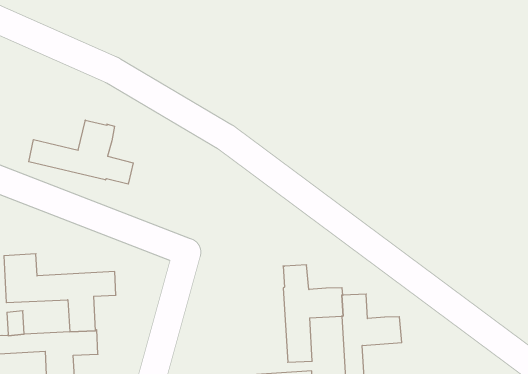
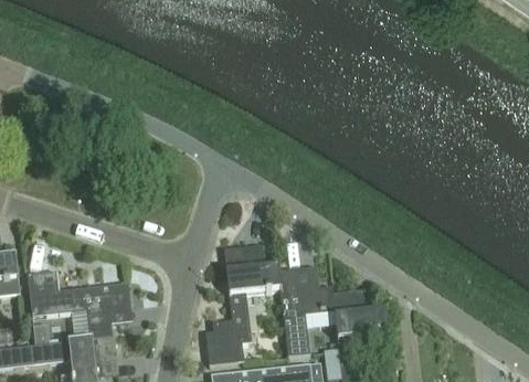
building: [29,120,133,184] -> none
building: none -> [207,246,282,364]

